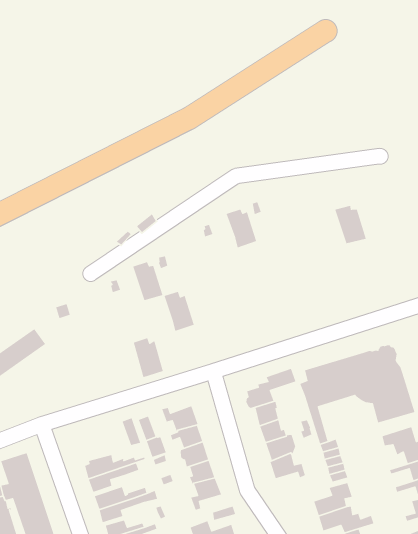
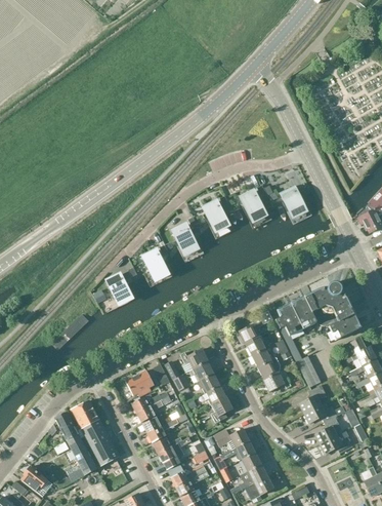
building: none -> [241,191,266,221]
building: [163,291,195,332] -> [173,225,199,255]
building: [133,337,164,378] -> [108,274,133,304]
building: none -> [126,369,156,399]

